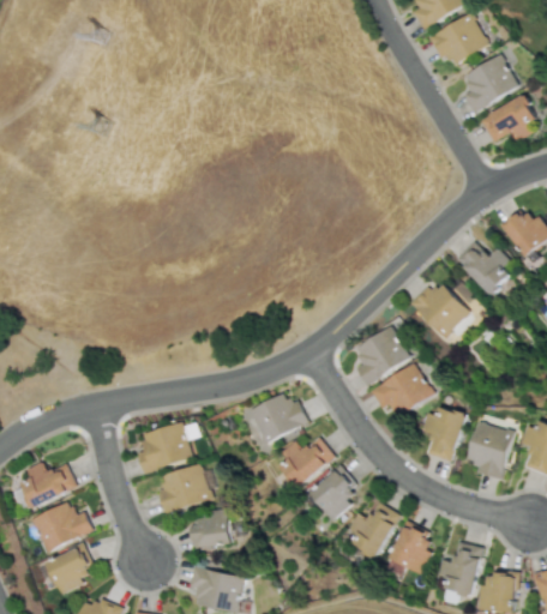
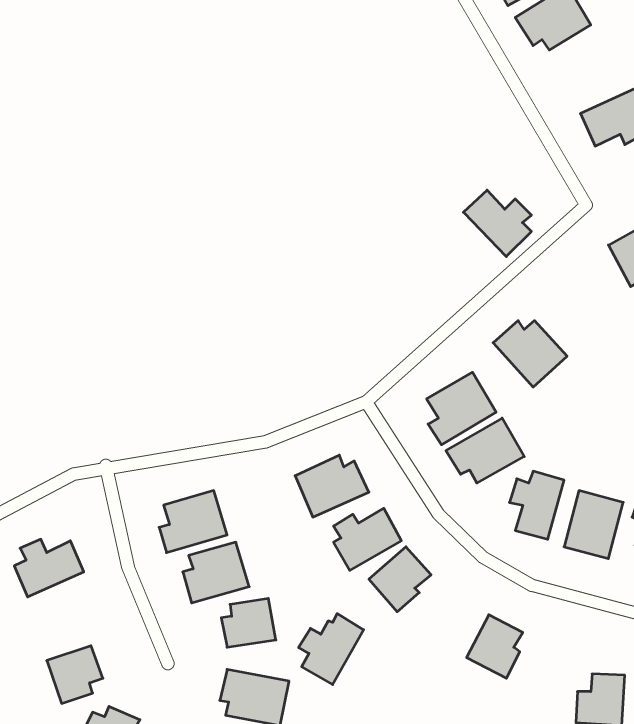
building: [462,54,518,113] -> none
building: [455,241,510,295] -> [463,190,531,257]
building: [30,501,92,553] -> none
building: [347,501,399,559] -> [299,614,364,685]
building: [437,541,482,596] -> none

